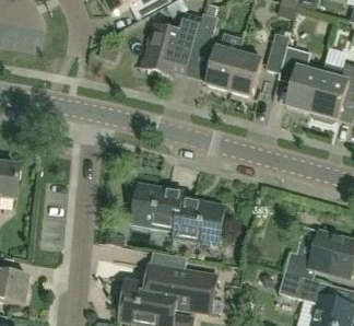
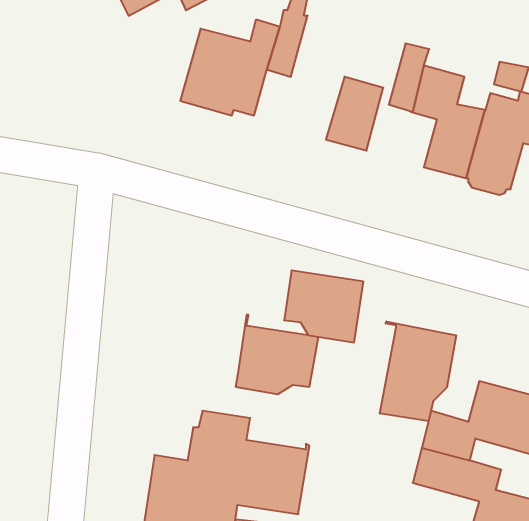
building: [205,45,239,89] -> none
building: [134,186,181,229] -> [284,270,363,342]
building: none -> [380,321,456,421]

